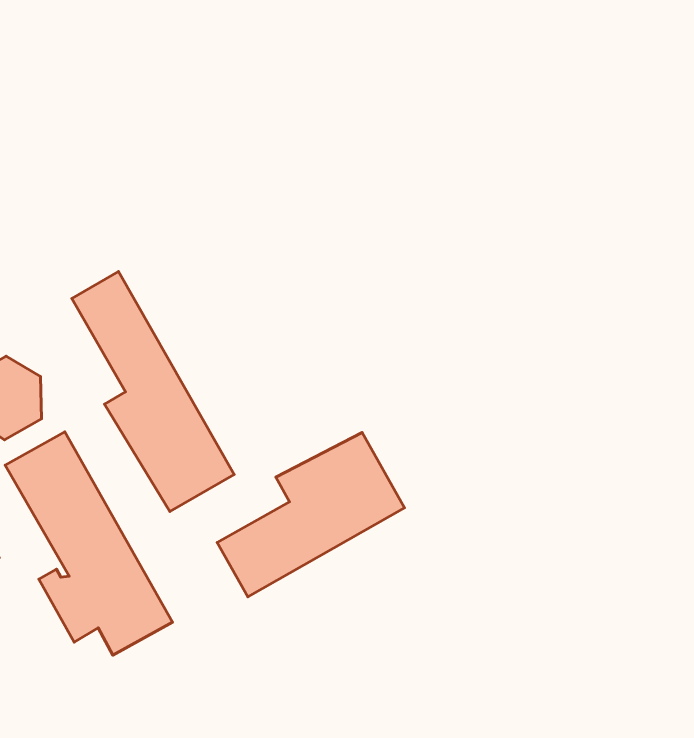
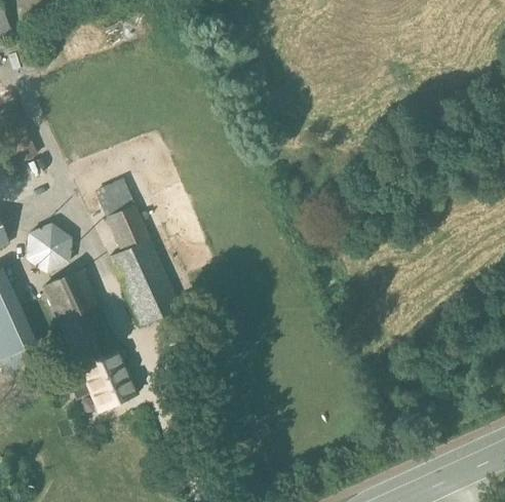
building: [217,433,405,597] -> none

